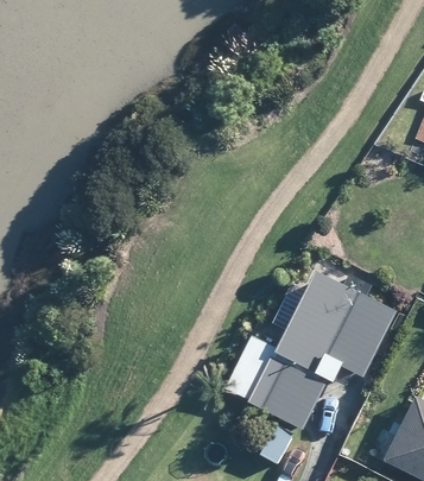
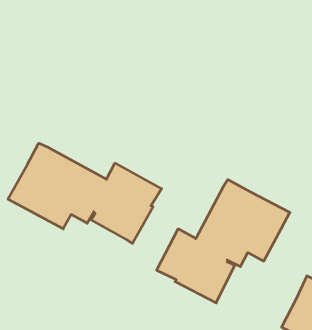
building: none -> [8,143,162,243]

